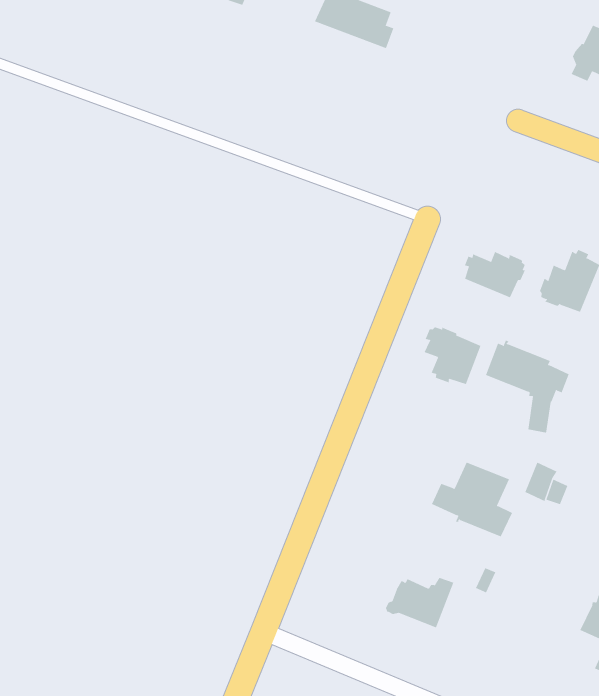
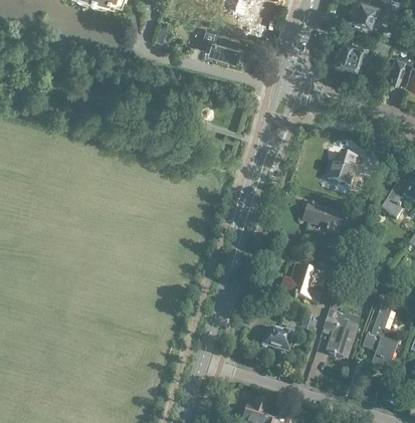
building: [464,251,526,298] -> none
building: [424,326,481,385] -> none
building: none -> [323,300,360,357]

